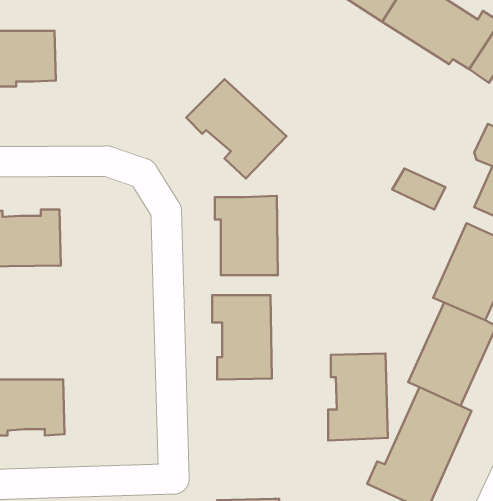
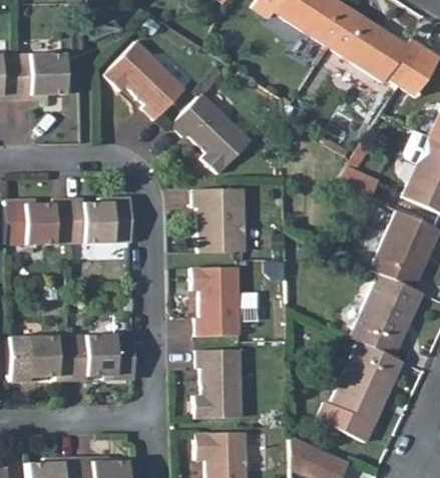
building: none -> [105,42,187,120]
building: none -> [69,197,132,244]
building: [328,353,388,440] -> [195,349,244,419]
building: none -> [72,335,135,380]

